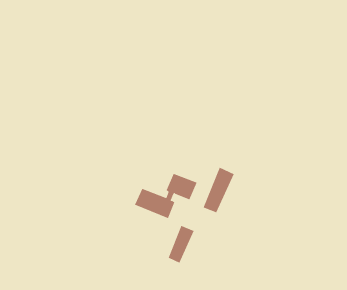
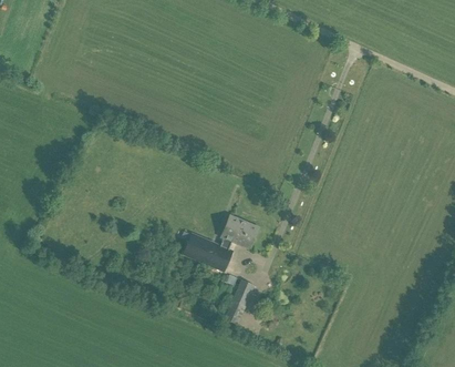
building: [203,167,235,213] -> none

